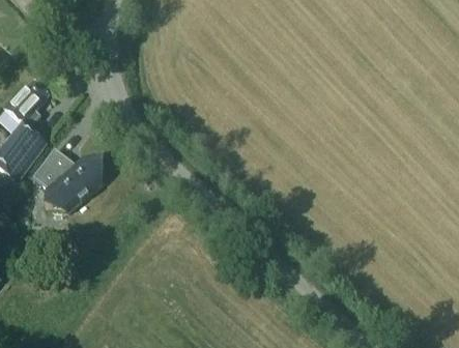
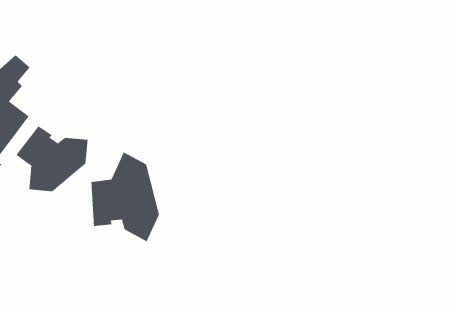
building: none -> [91,152,159,242]

